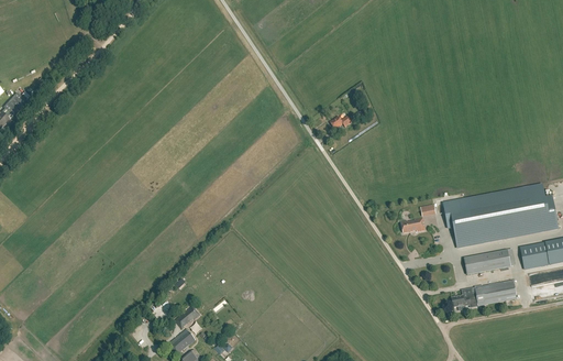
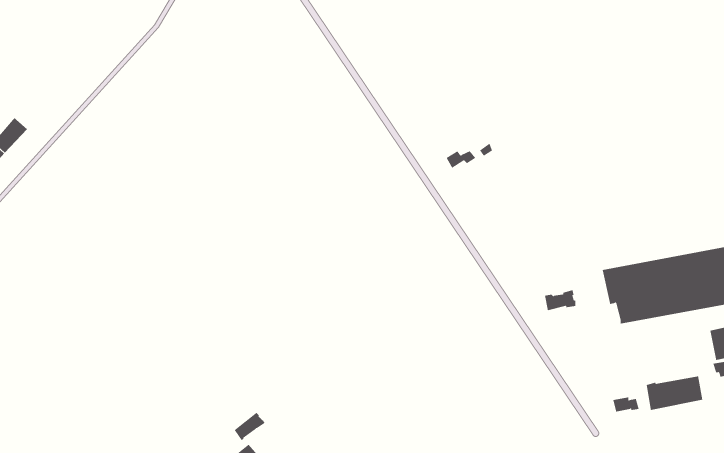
building: [464,250,511,275] -> none

